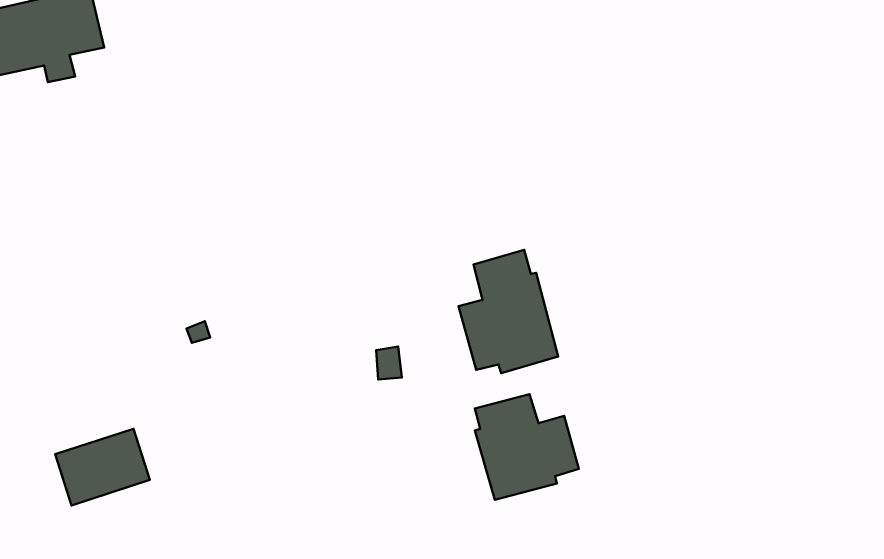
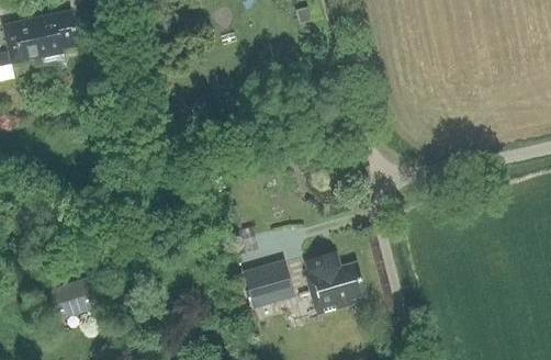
building: [459,250,558,373] -> none
building: none -> [246,258,294,303]

